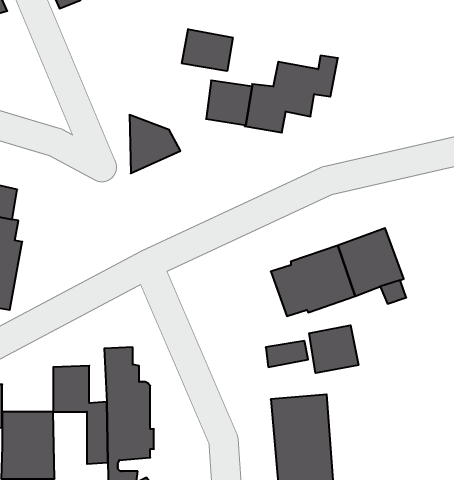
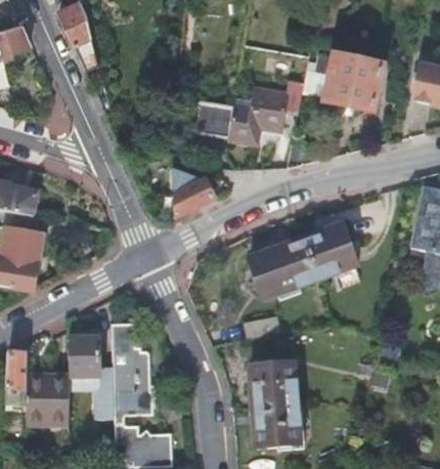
building: none -> [313,53,384,112]
building: [182,29,233,71] -> none
building: [129,115,180,173] -> [174,169,216,217]
building: [309,325,358,373] -> none

